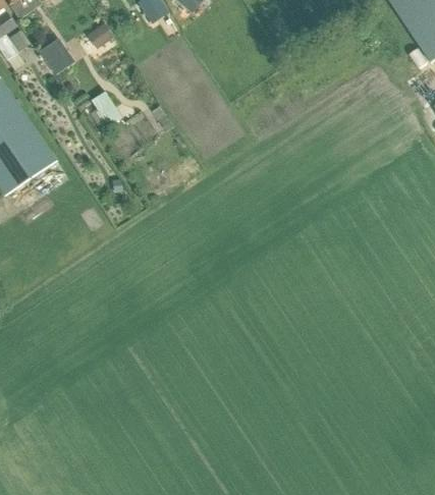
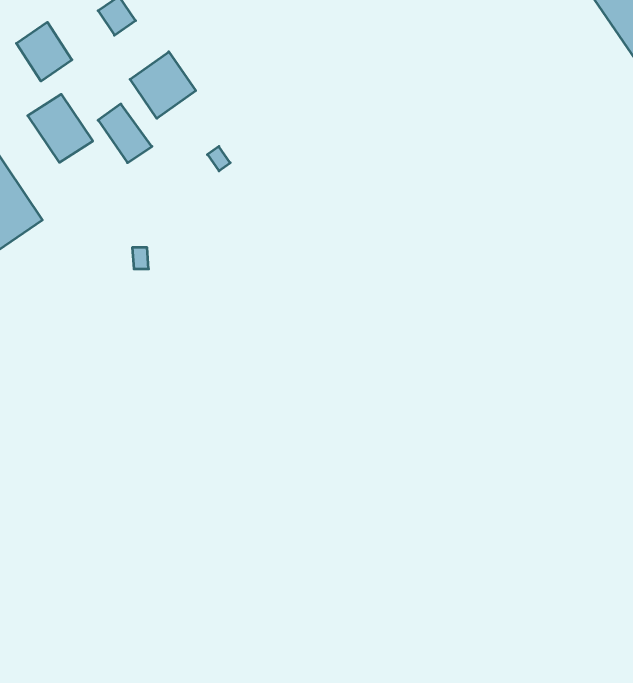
building: none -> [130,52,196,118]
building: none -> [28,94,93,162]

